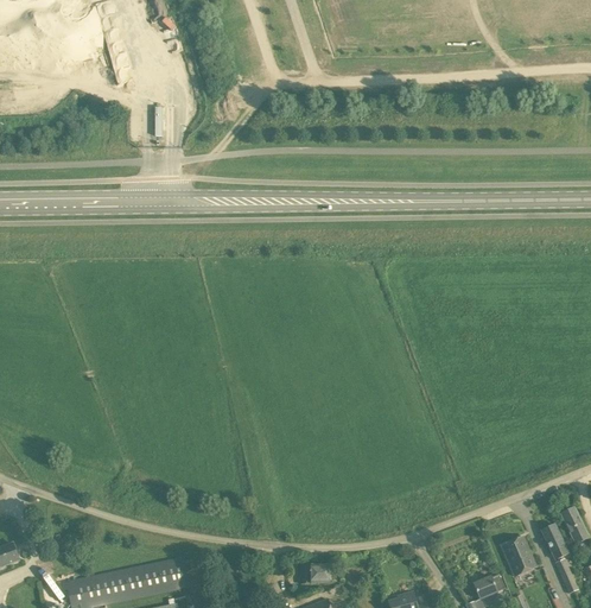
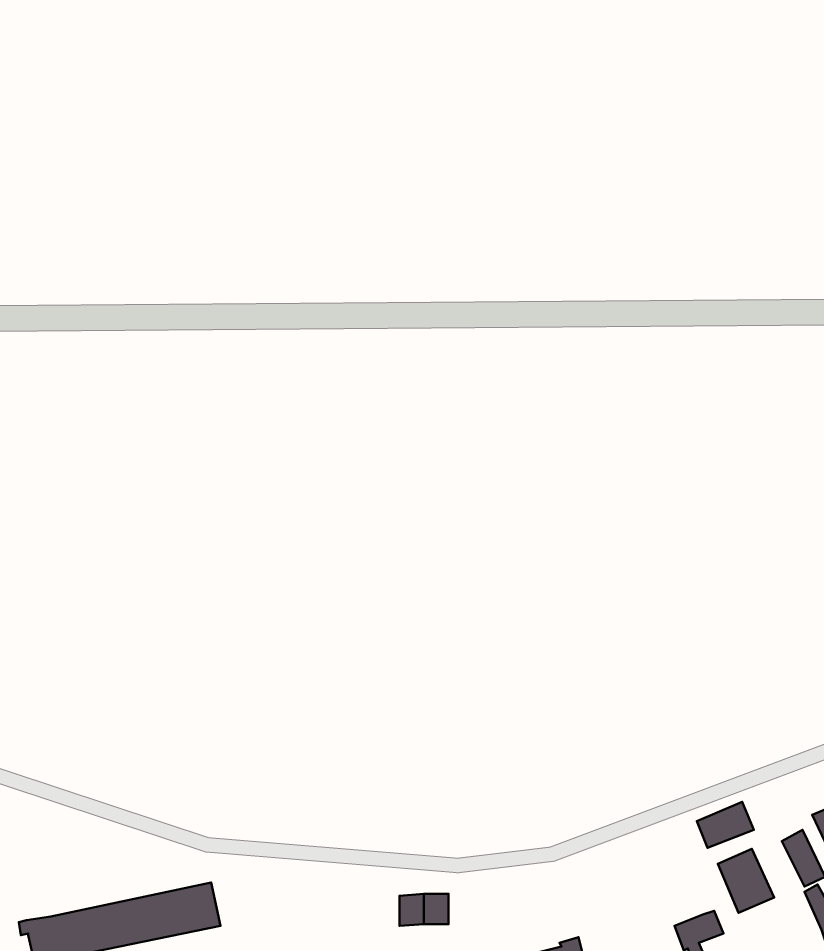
building: none -> [697,802,754,848]

